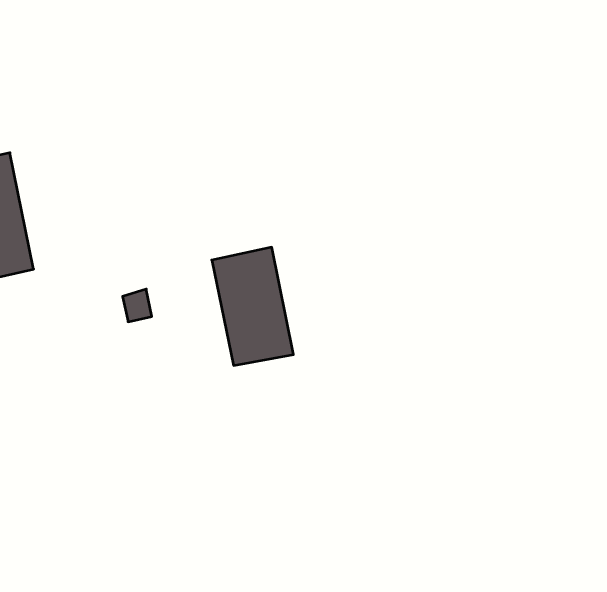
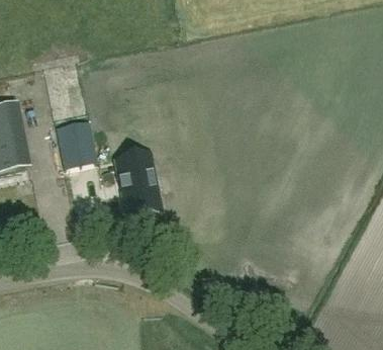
building: none -> [56,120,96,167]

